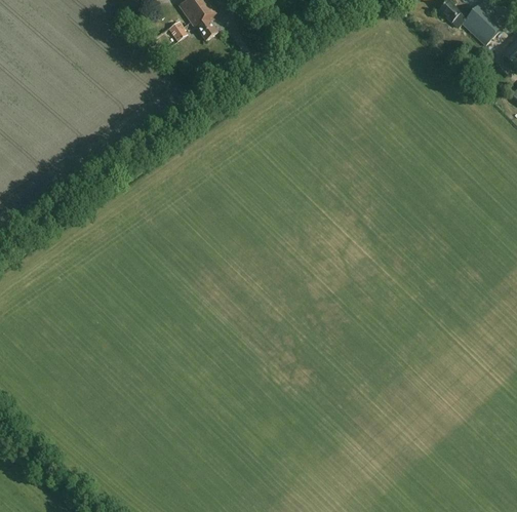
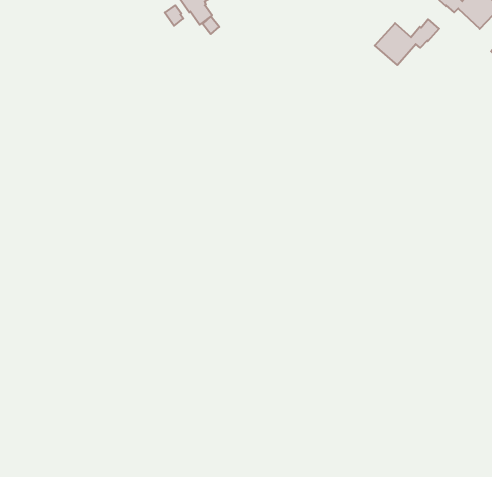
building: none -> [375,19,439,65]

